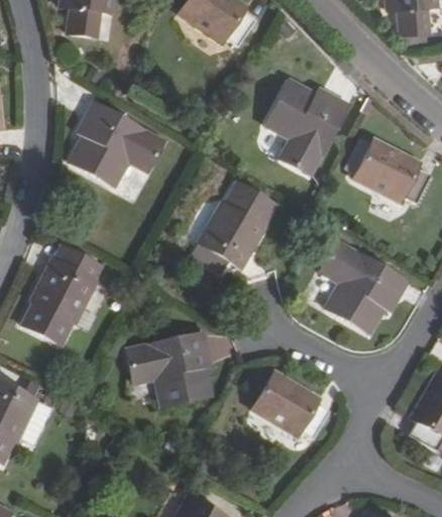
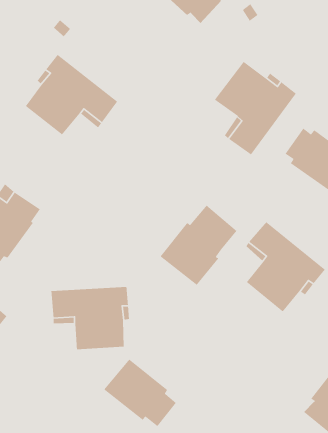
building: [198,181,274,267] -> [159,204,237,286]
building: [250,372,329,438] -> [103,358,177,427]

